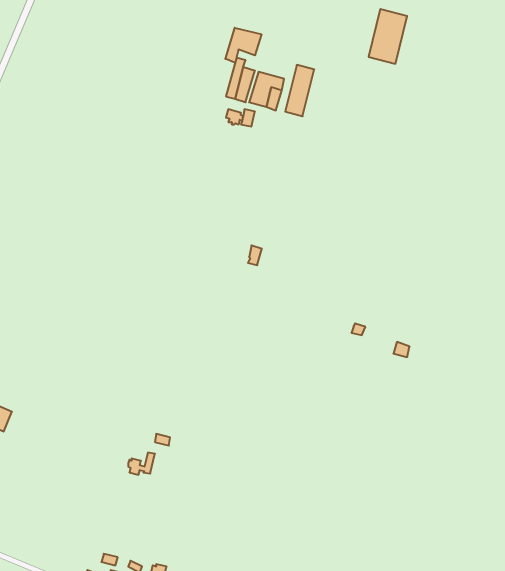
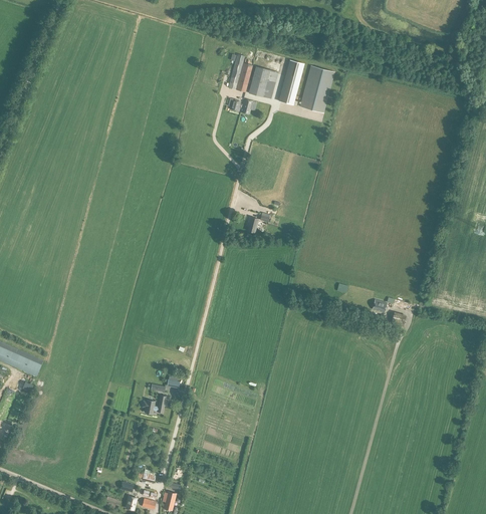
building: [369,9,407,64] -> [299,64,332,111]
building: [225,28,261,63] -> none

